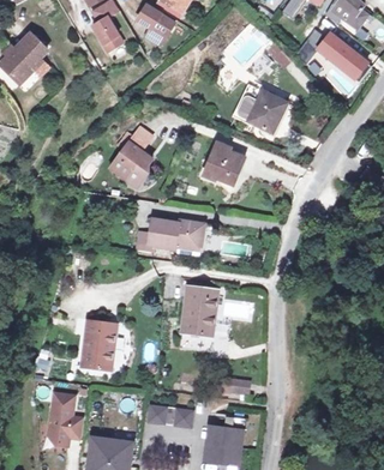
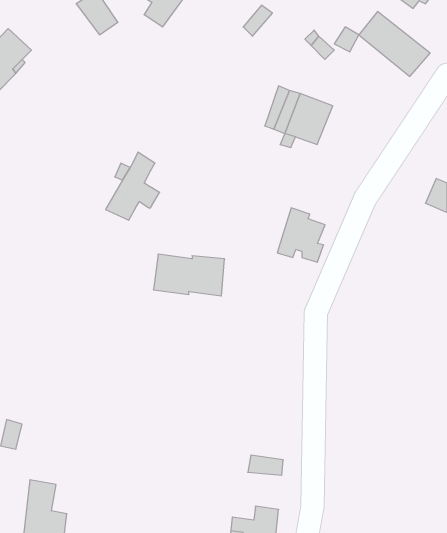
building: [198,140,235,182] -> [277,208,325,262]
building: [184,283,218,332] -> none
building: [79,319,114,362] -> none
building: [148,402,194,427] -> none

